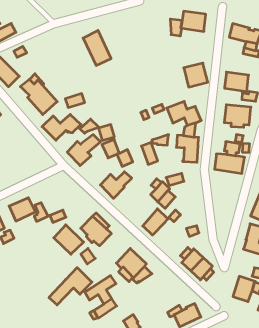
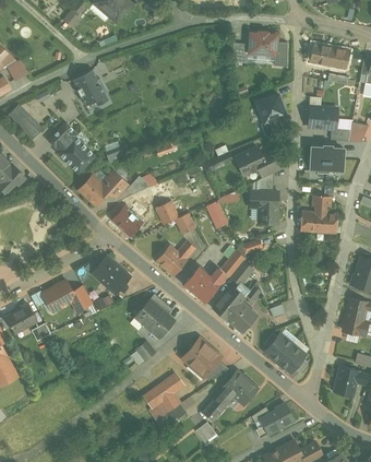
building: [83,30,111,65] -> [72,68,109,112]
building: none -> [184,268,225,300]
building: none -> [226,301,256,332]
building: [54,225,84,254] -> [92,256,130,293]
building: [49,268,92,305] -> [203,370,256,419]

